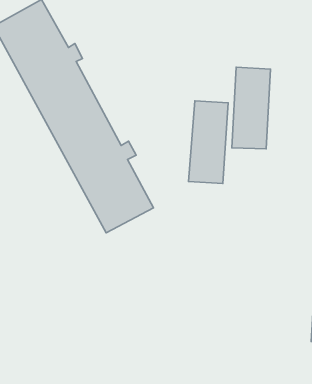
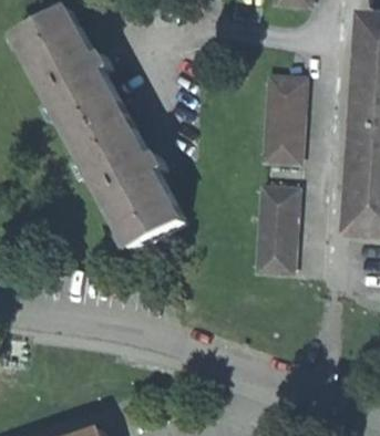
building: [189,101,228,184] -> [254,186,295,271]

